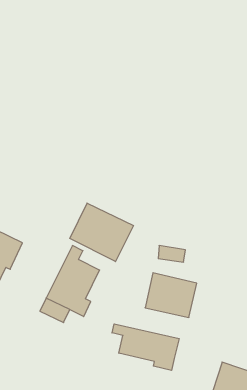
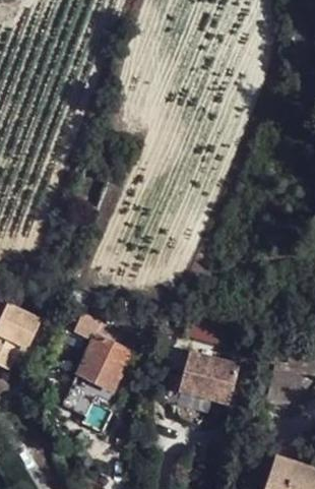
building: [70,203,133,262] -> none
building: [112,324,179,370] -> none

